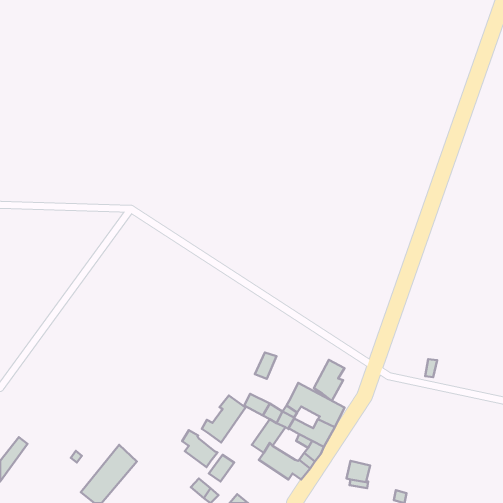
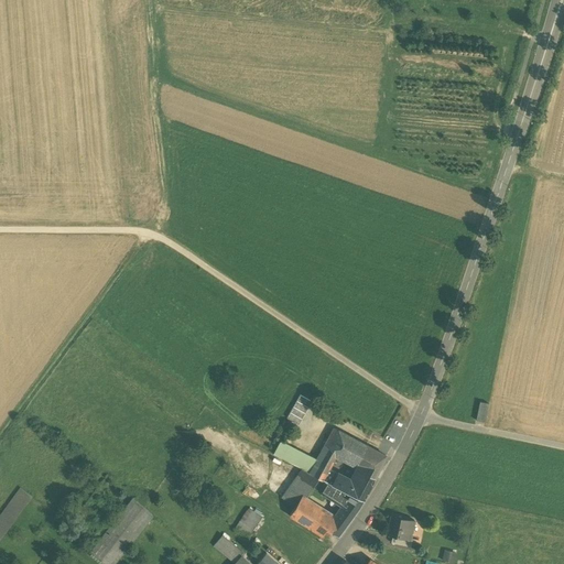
building: [314,360,345,401] -> none
building: [202,395,245,442] -> none
building: [182,430,217,467] -> none

